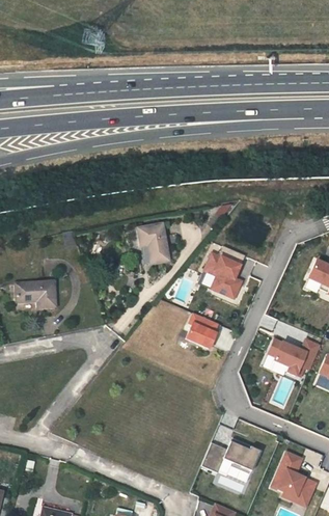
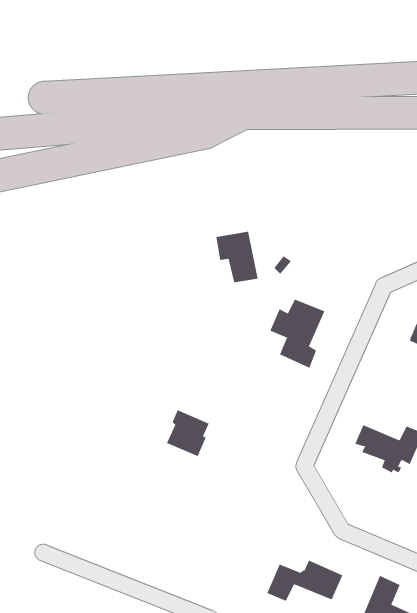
building: [137,224,169,263] -> [215,231,259,283]
building: [16,280,57,307] -> none
building: [186,313,218,348] -> [166,410,209,457]

